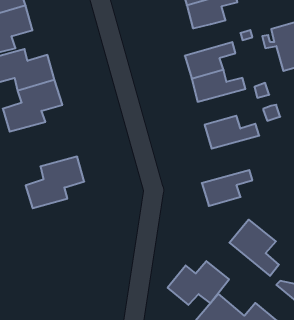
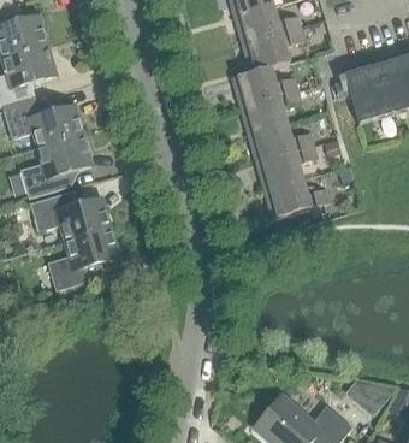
building: none -> [231,67,297,106]
building: none -> [30,190,109,240]
building: [202,170,252,206] -> [255,146,316,189]
building: [229,220,279,276] -> none
building: [168,261,229,305] -> none

